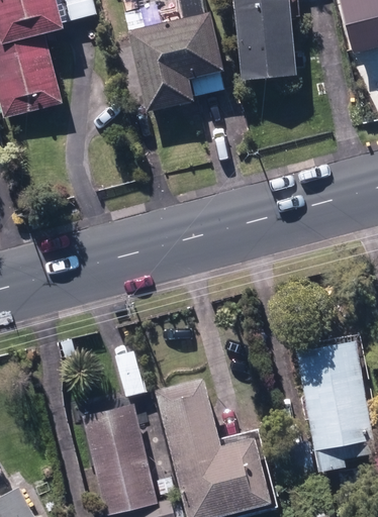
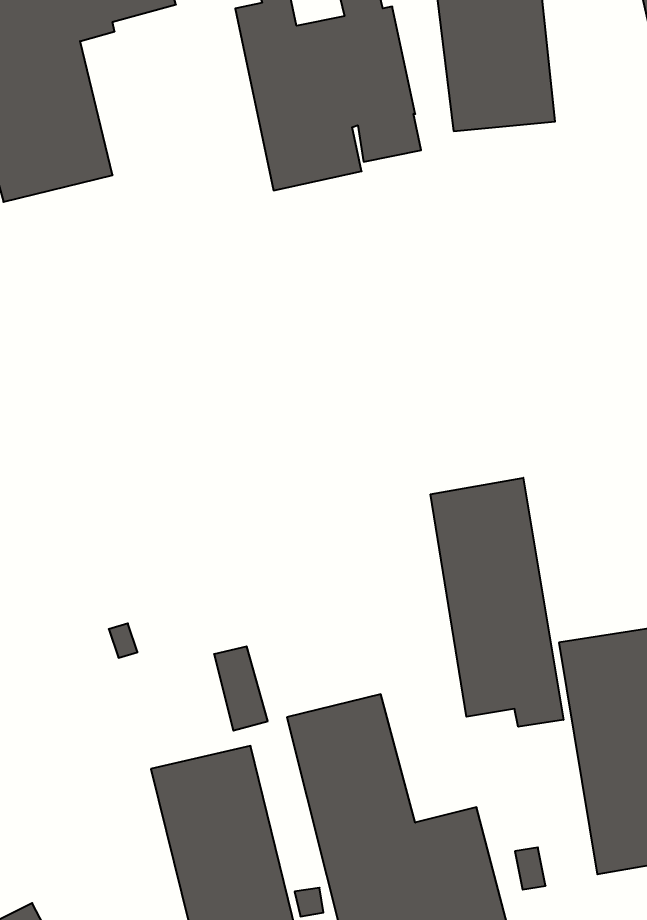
building: none -> [431,478,563,727]

